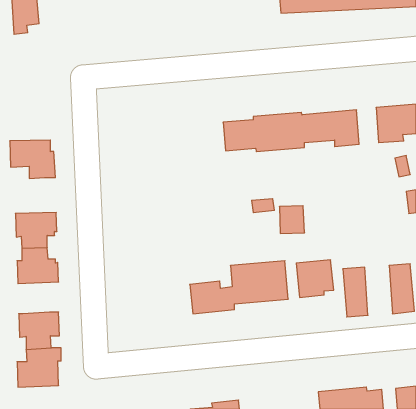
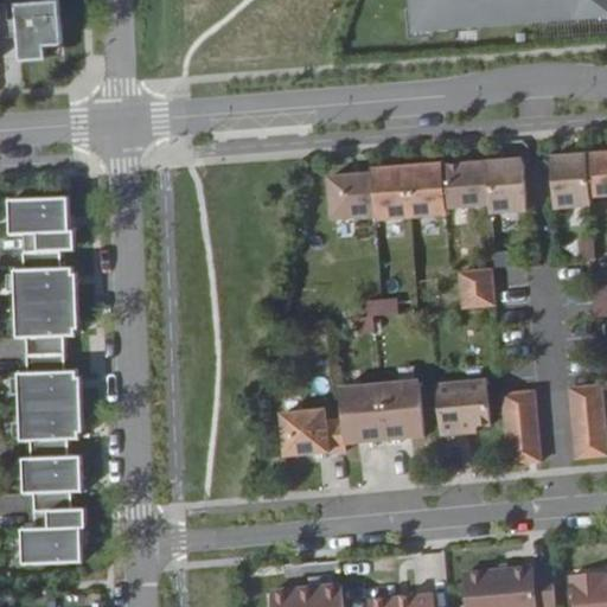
building: none -> [21,258,82,311]
building: [279,206,305,233] -> [459,262,496,302]
building: none -> [26,410,87,456]

